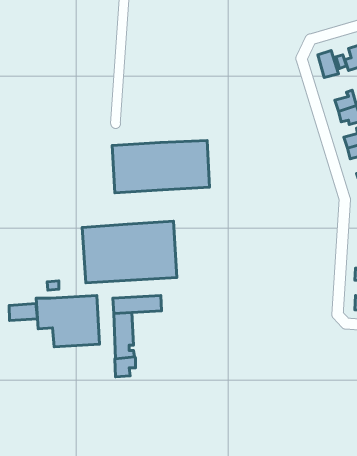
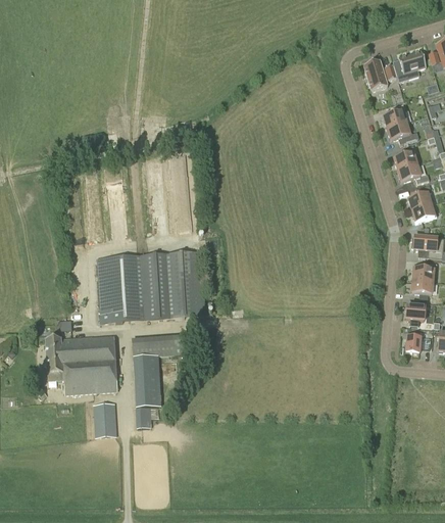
building: [112,141,210,193] -> none
building: [9,303,37,320] -> none
building: none -> [94,401,117,436]

